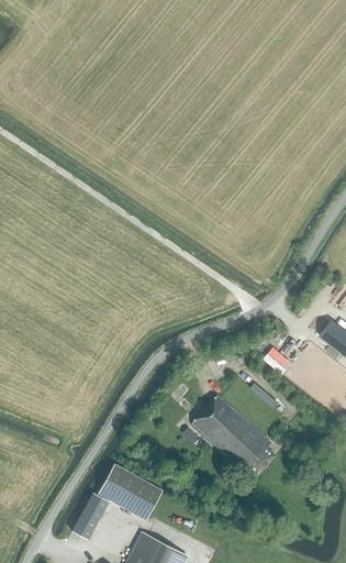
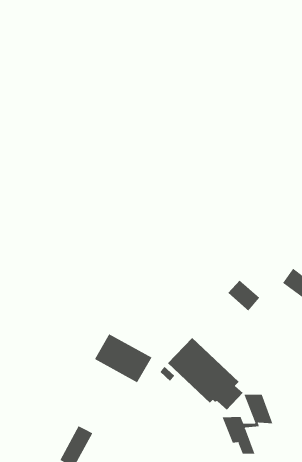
building: none -> [222,394,273,455]
building: [98,464,163,519] -> [94,334,153,383]

